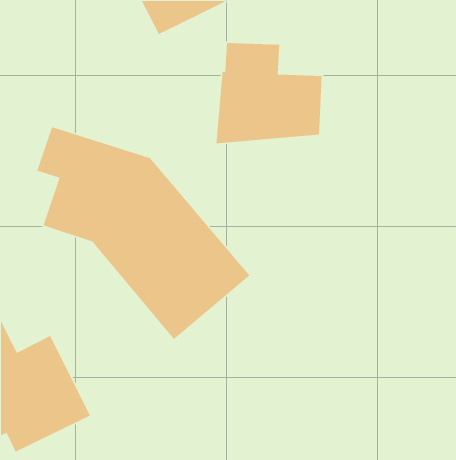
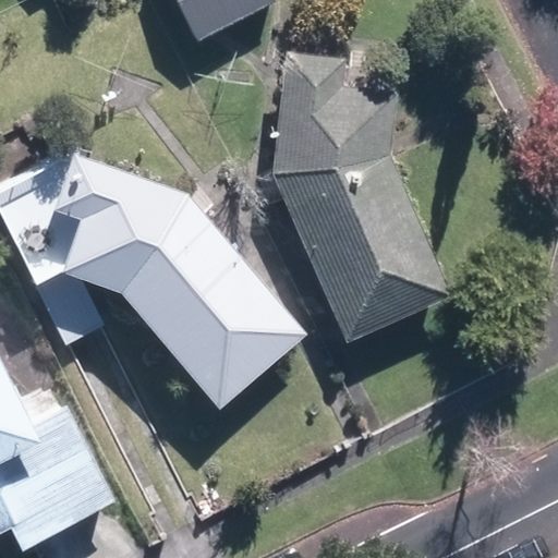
building: none -> [266,163,451,343]

